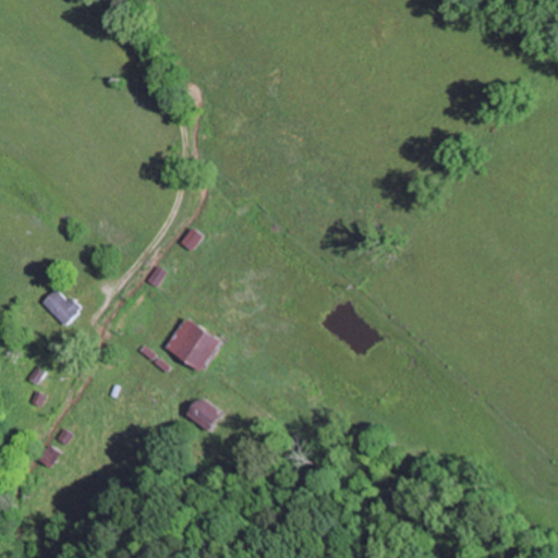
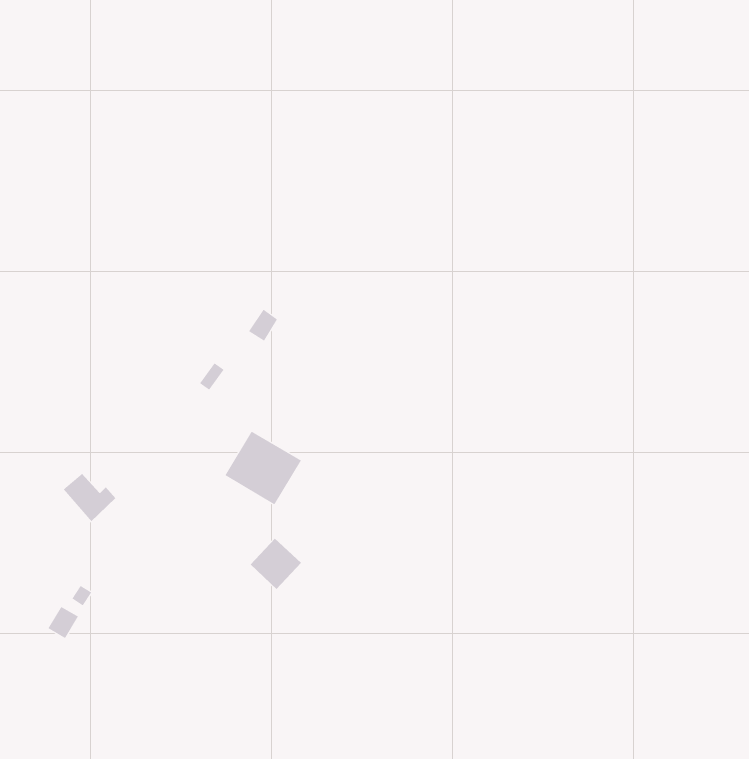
building: [43,290,82,326] -> [63,473,116,522]

